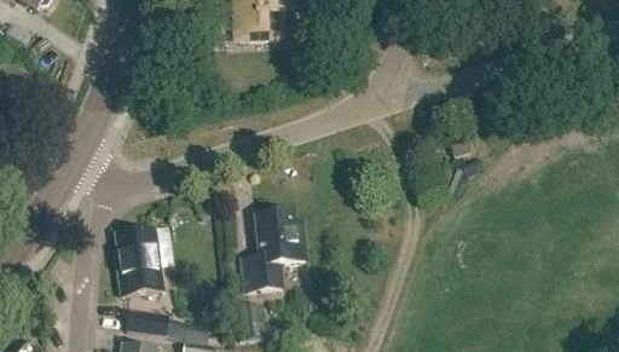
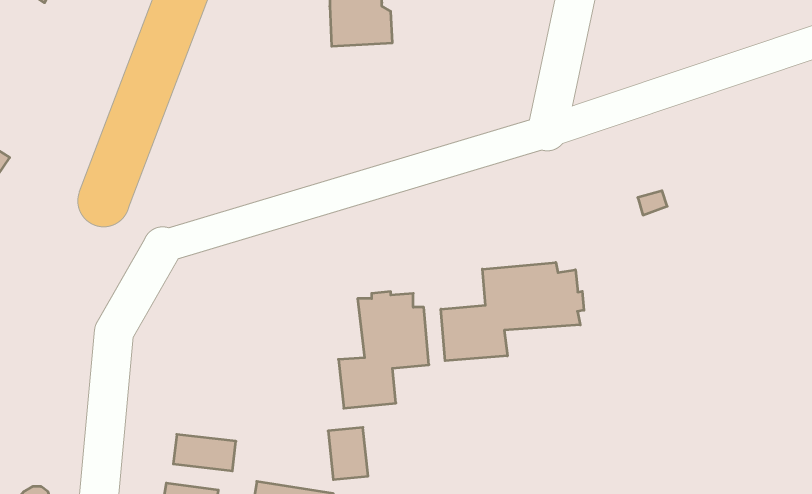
building: none -> [441,262,584,361]
building: [114,227,160,292] -> none

